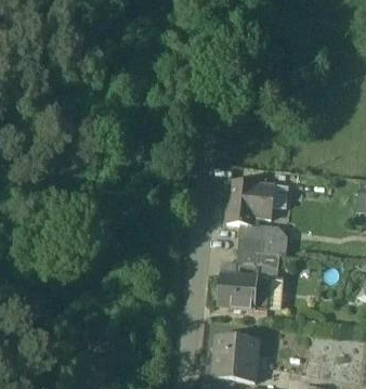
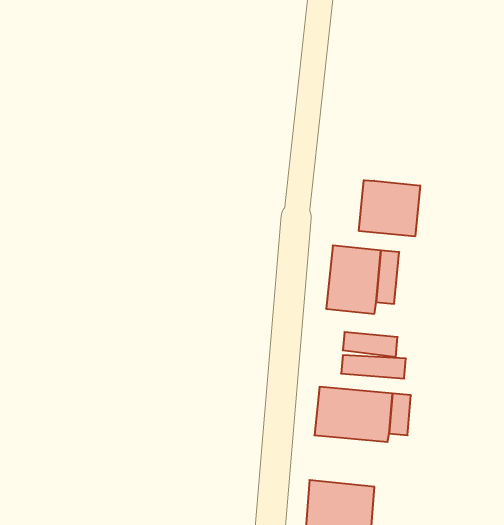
building: none -> [359,180,420,236]

